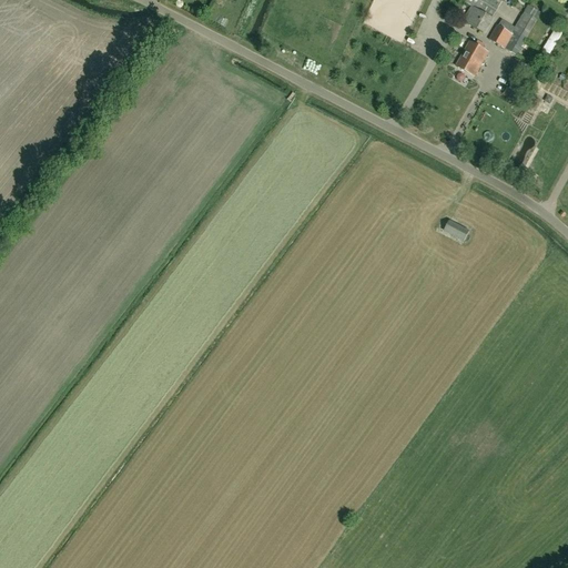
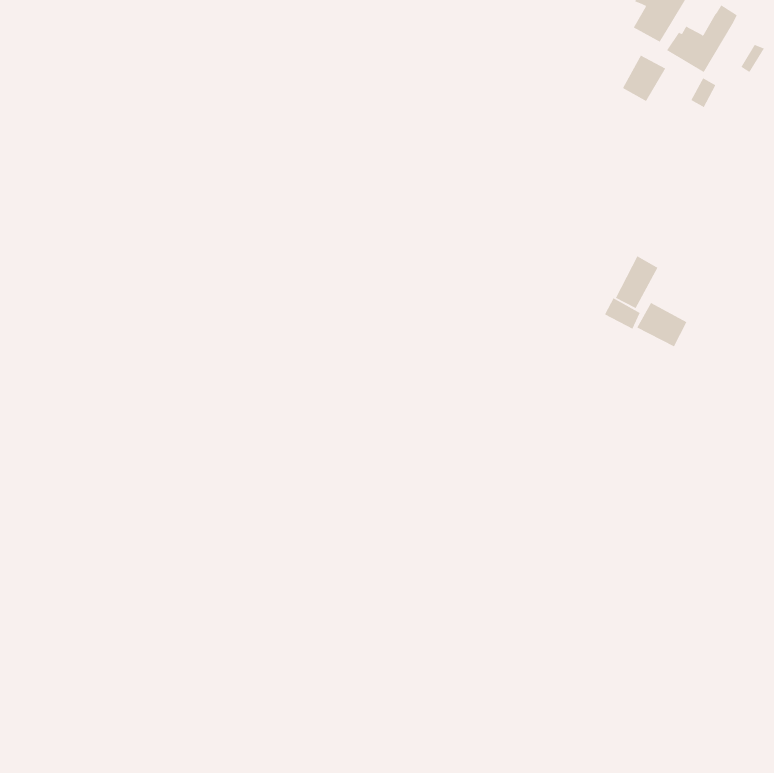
building: none -> [615,256,658,309]
building: none -> [636,302,687,347]

